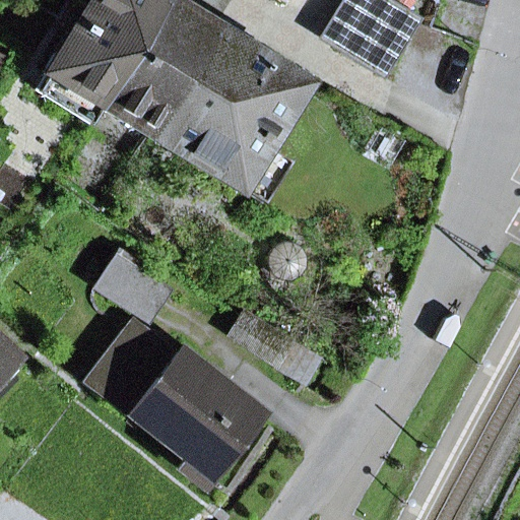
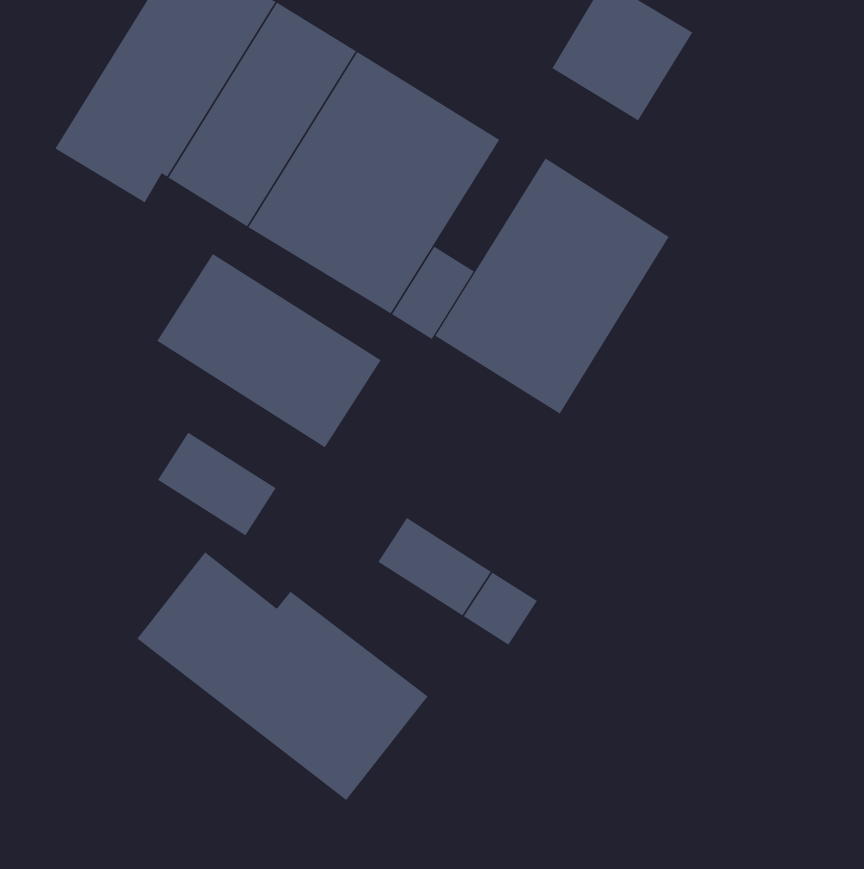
building: none -> [434,157,669,414]
building: none -> [157,253,381,448]

